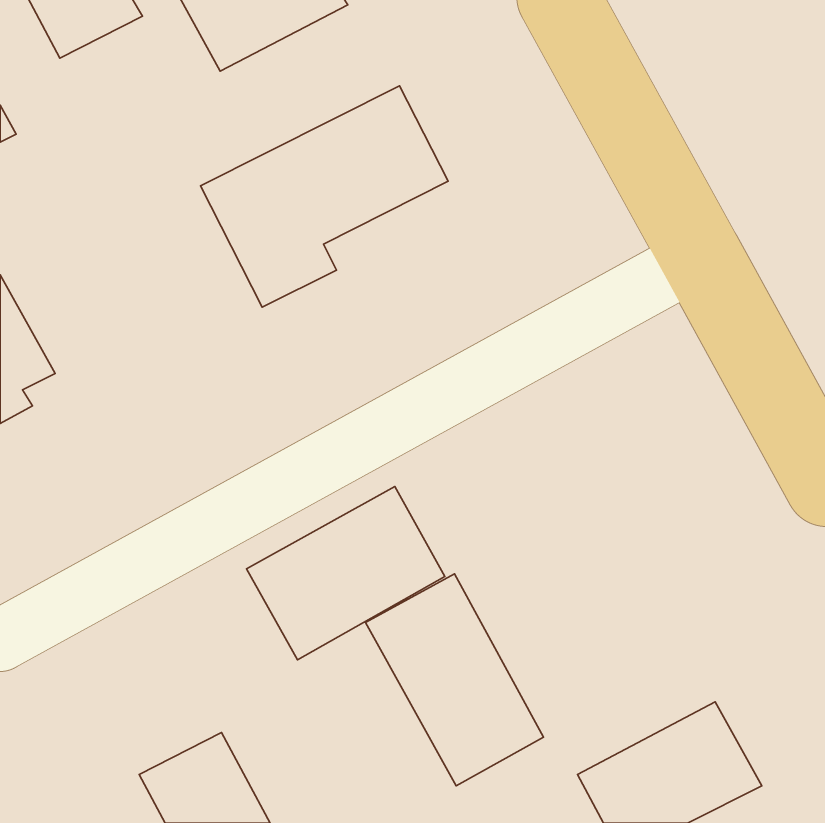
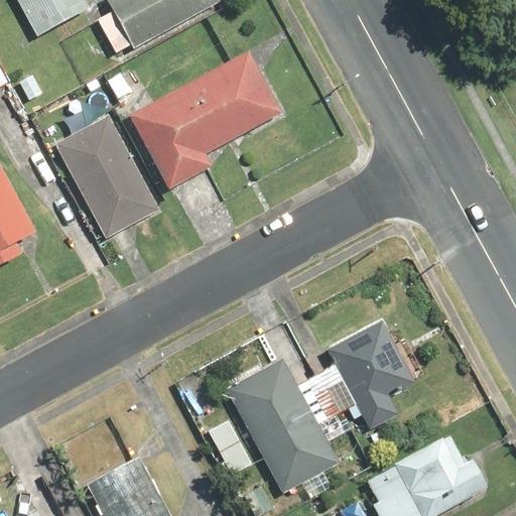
building: none -> [52,115,159,239]
building: [246,486,445,660] -> none
building: none -> [324,318,411,431]

